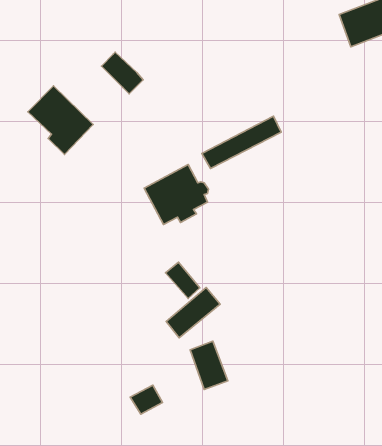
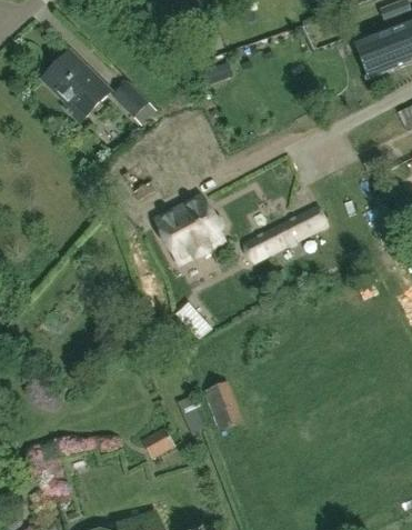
building: [28,86,93,155] -> [42,51,110,122]
building: [202,116,281,169] -> [243,204,325,259]
building: [166,287,220,338] -> none

